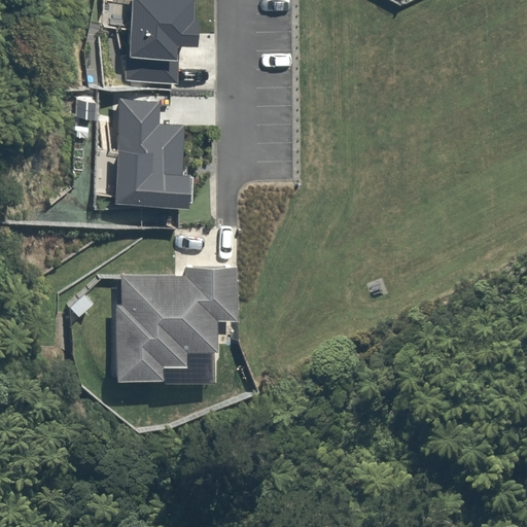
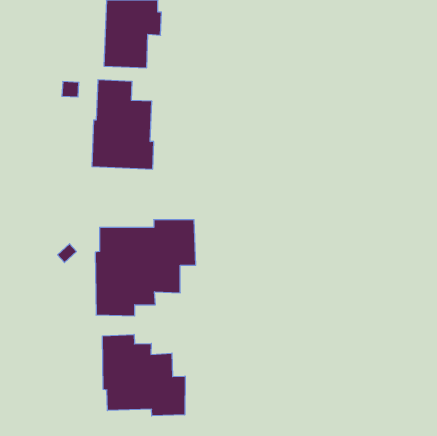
building: none -> [103,334,185,416]

